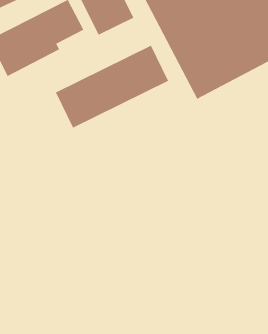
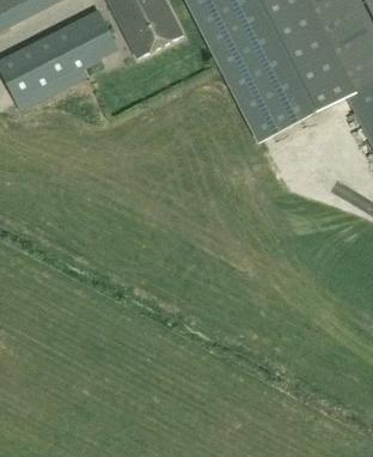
building: [55,45,169,129] -> none

